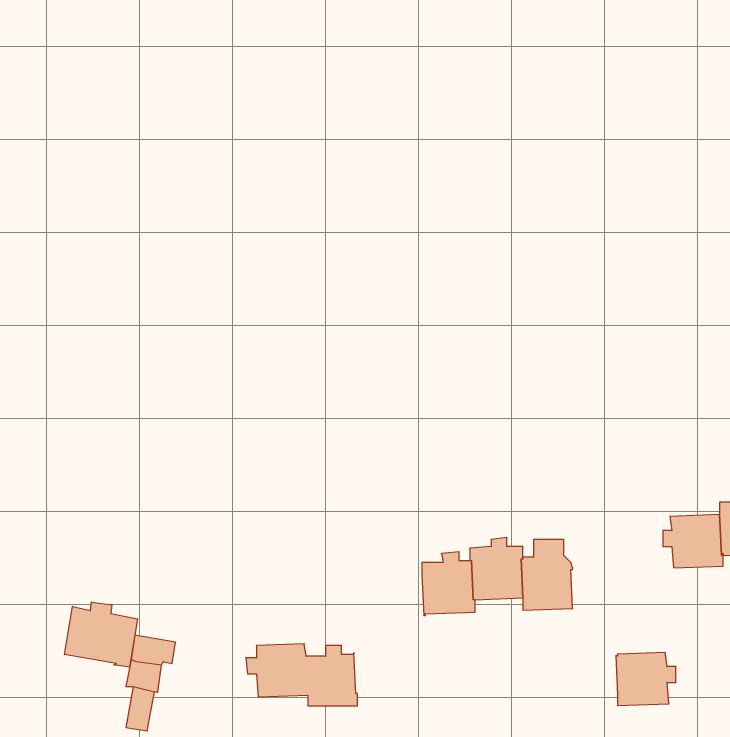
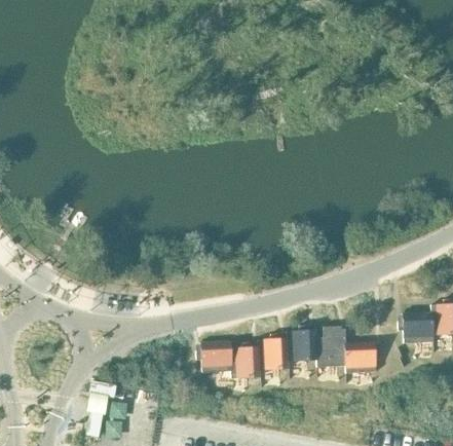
building: [65,602,138,667] -> none
building: [246,644,357,706] -> [196,341,261,377]
building: [616,652,676,706] -> [345,341,380,372]

